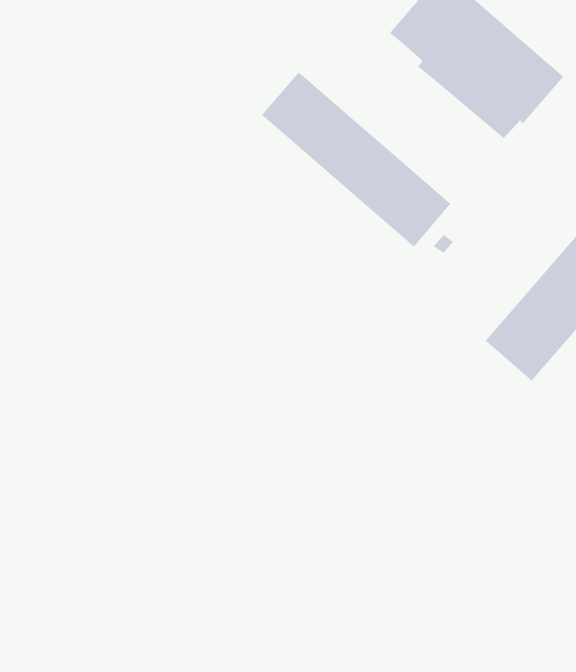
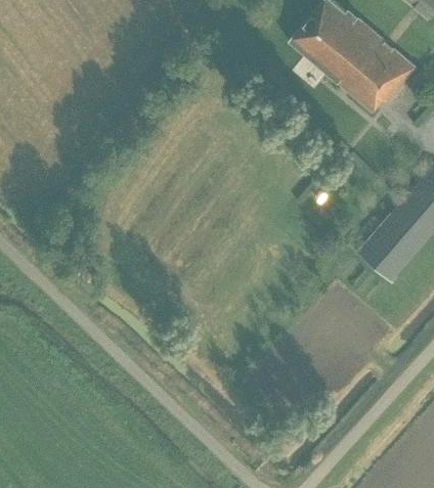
building: [261,71,451,247] -> none

